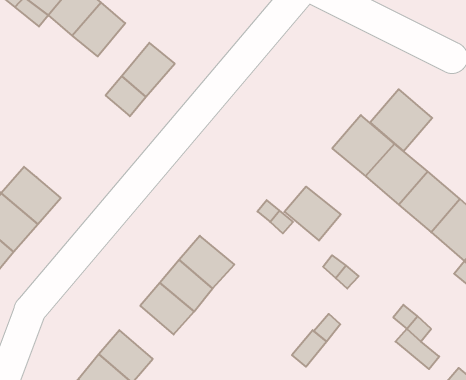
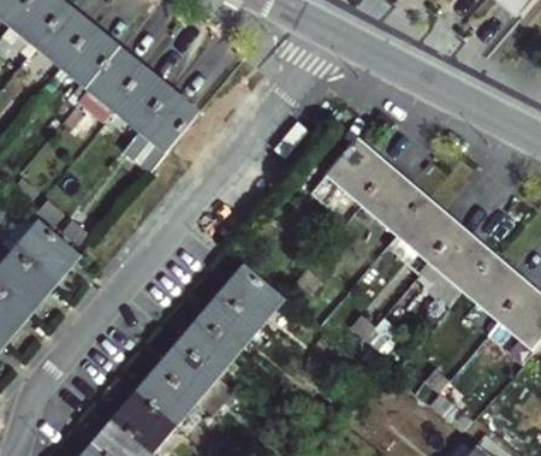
building: none -> [115,71,170,126]
building: [370,89,432,151] -> [326,137,391,202]
building: [284,187,341,241] -> [222,267,281,324]
building: none -> [138,367,195,422]

